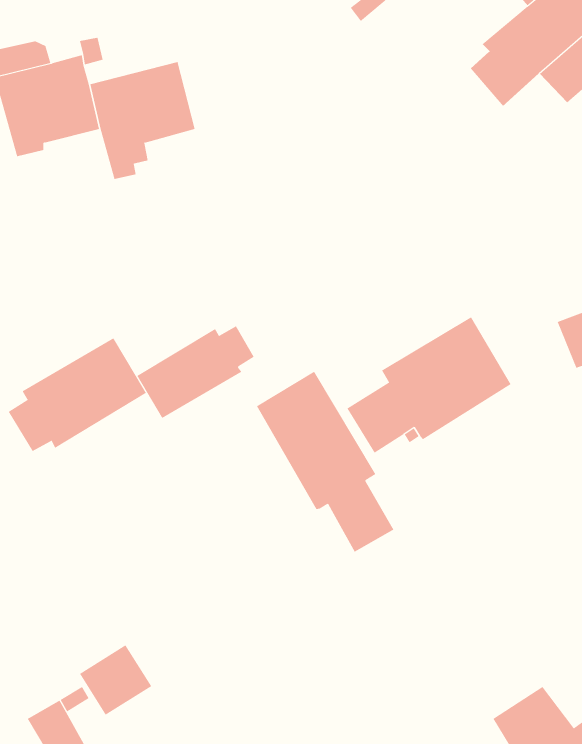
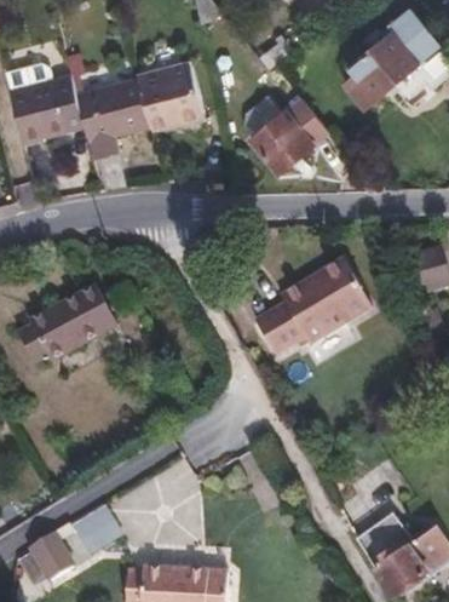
building: none -> [137,62,205,134]
building: none -> [249,103,323,174]
building: [136,326,254,419] -> none
building: [256,371,394,553] -> none

